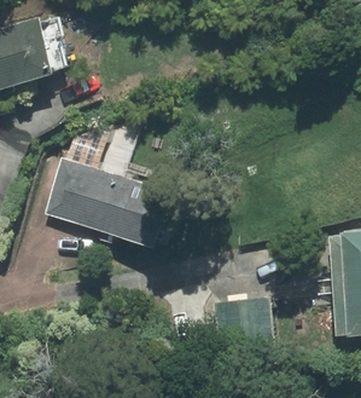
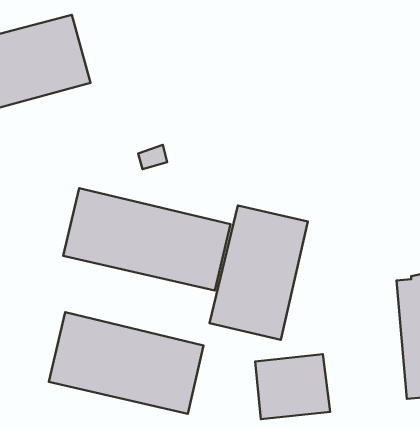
building: none -> [209,205,308,340]
building: none -> [49,312,203,414]

